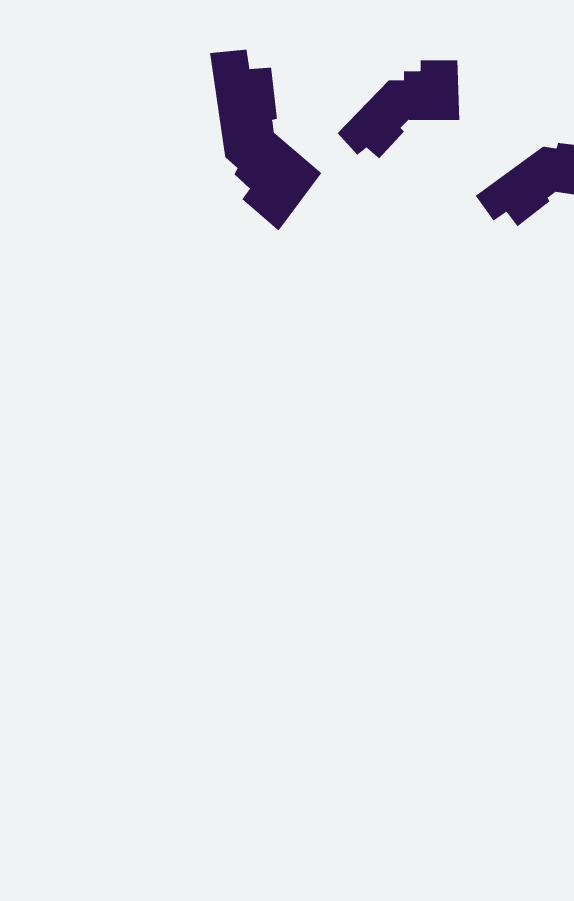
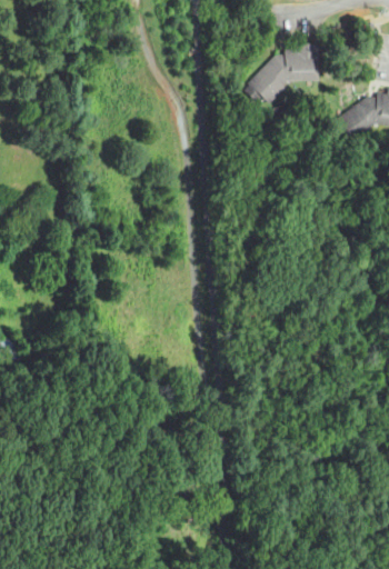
building: [210,49,322,231] -> none

